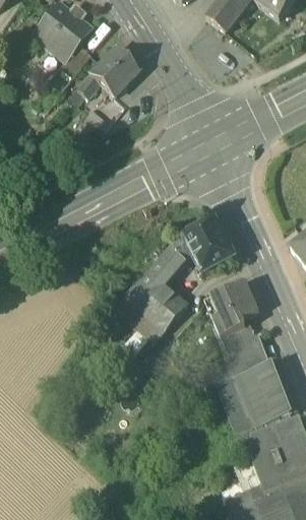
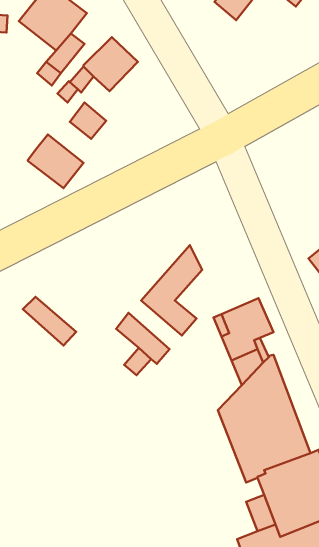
building: none -> [28,135,84,188]
building: [185,217,236,271] -> none
building: [130,283,178,327] -> [23,297,76,345]

